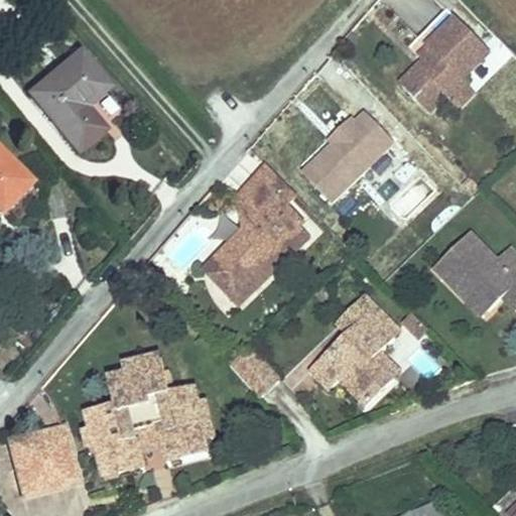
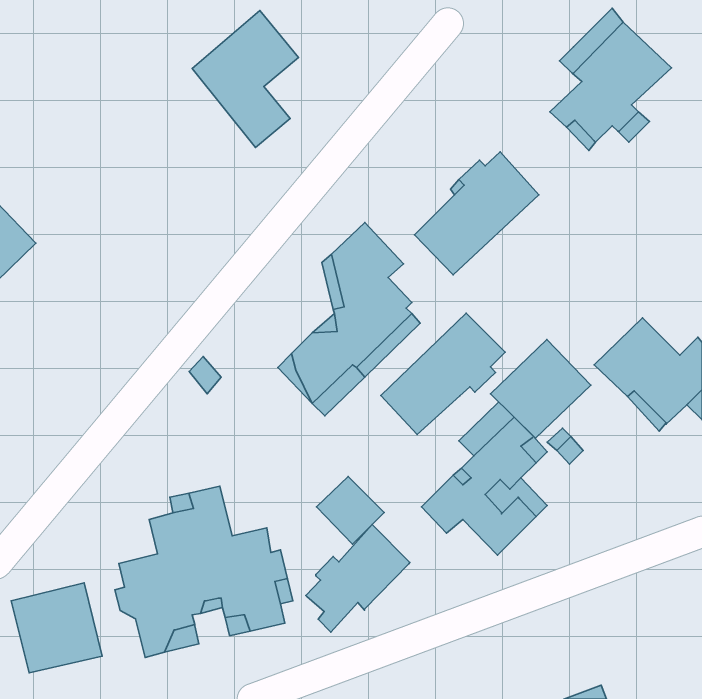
building: [30,50,108,150] -> [192,11,298,147]
building: none -> [381,313,505,434]
building: none -> [491,340,591,438]
building: none -> [306,525,410,632]

